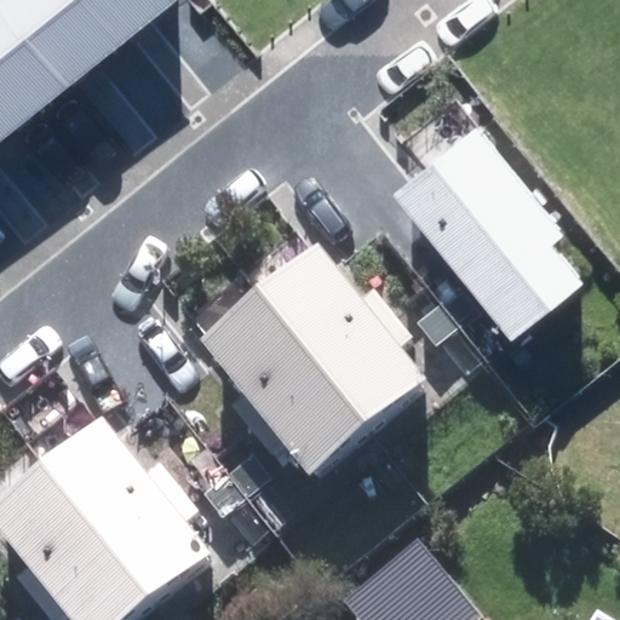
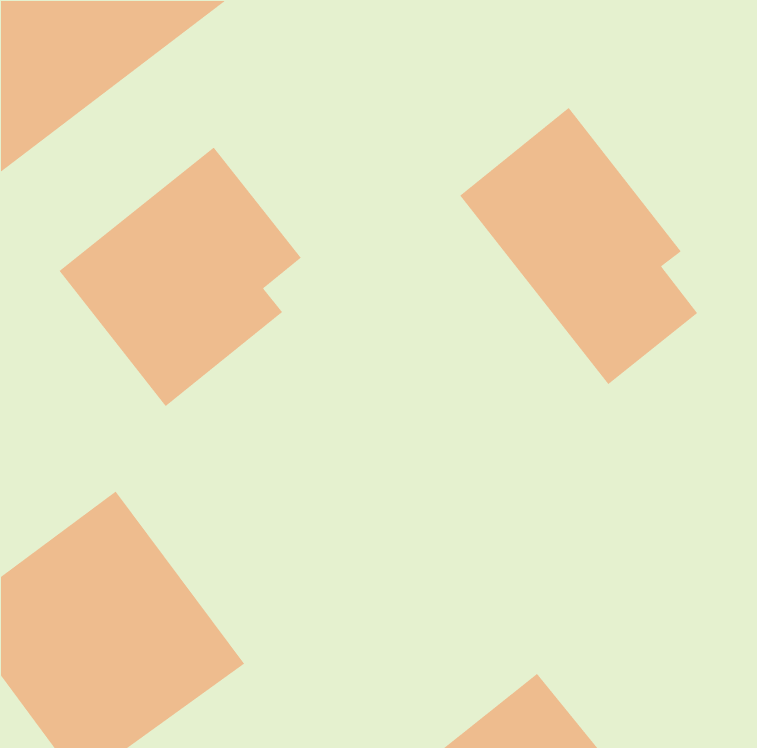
building: none -> [59,146,302,407]
building: [191,243,417,469] -> none

